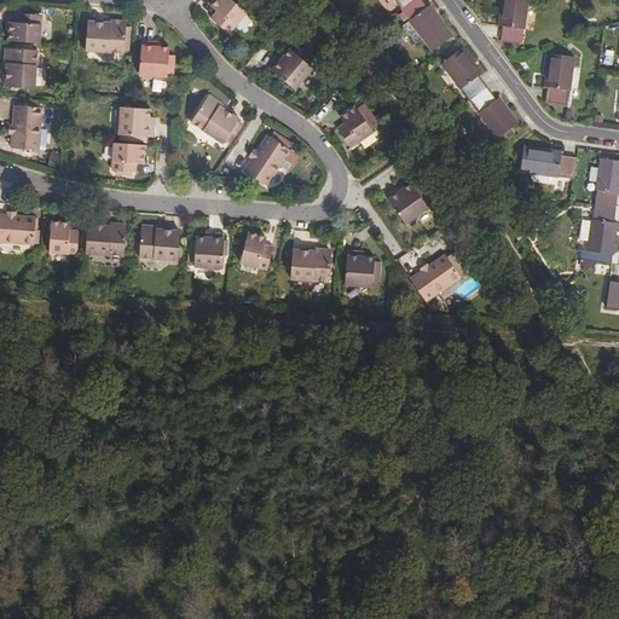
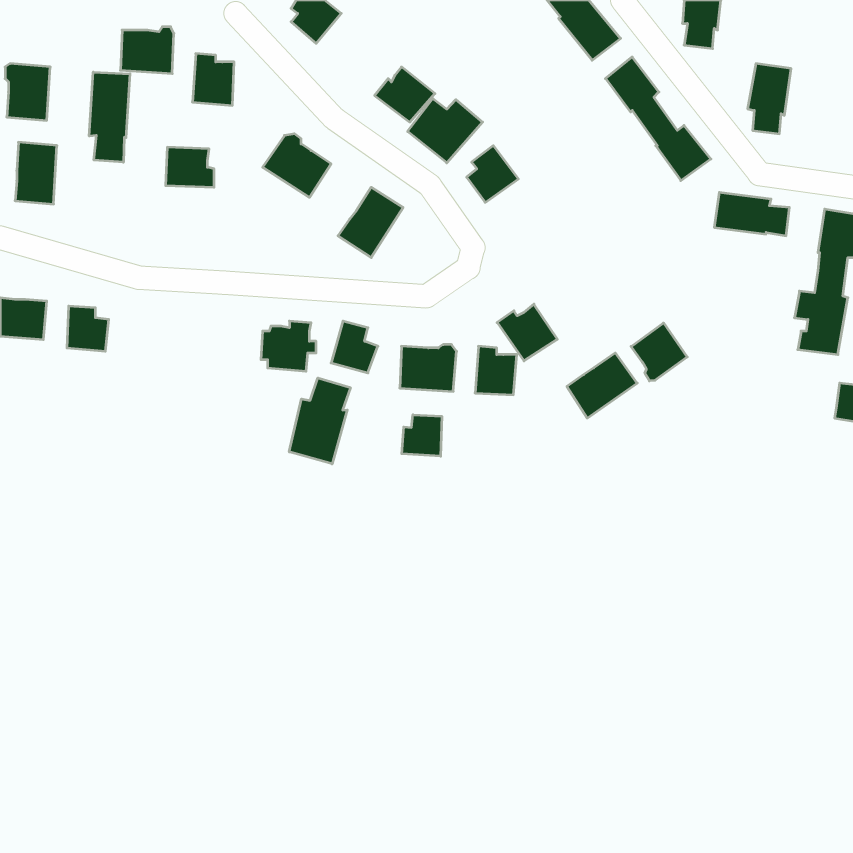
building: [11,12,44,42] -> none
building: none -> [89,72,130,162]
building: none -> [408,99,483,163]
building: [114,143,146,172] -> none
building: [388,183,432,224] -> [497,304,557,361]
building: [86,225,127,259] -> none
building: [140,228,180,262] -> none
building: none -> [631,323,687,381]
building: none -> [289,378,350,464]
building: none -> [402,415,442,456]

